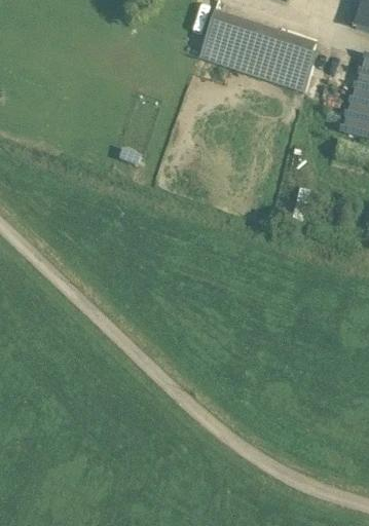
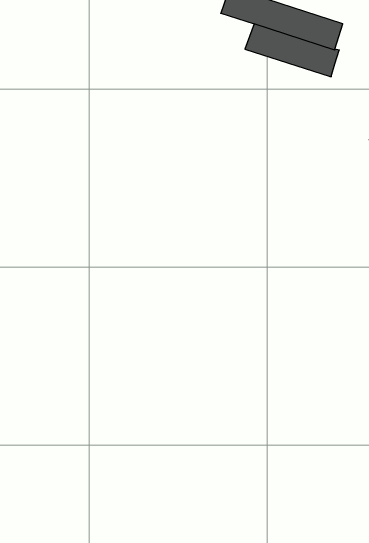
building: [199,33,236,65] -> none

